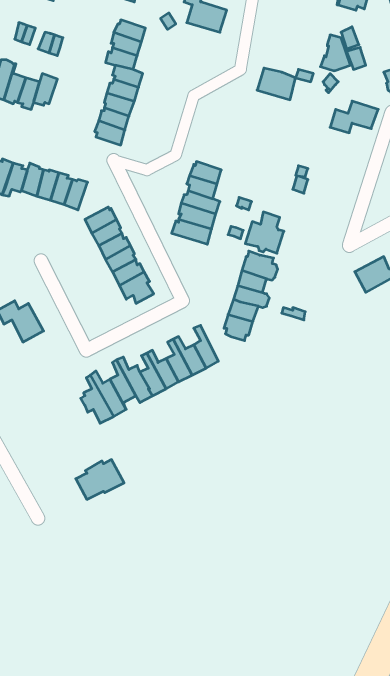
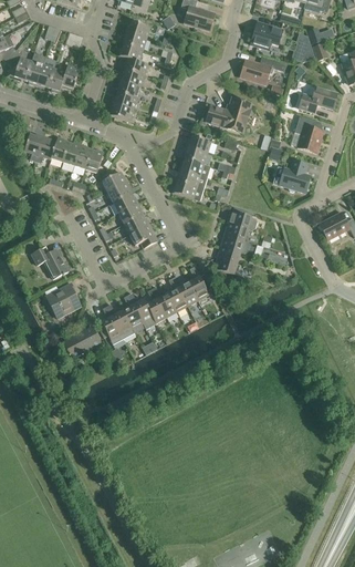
building: none -> [250,23,283,49]
building: none -> [207,100,249,133]
building: none -> [291,114,323,152]
building: [245,212,284,253] -> [279,158,310,192]
building: none -> [45,281,81,318]
building: [76,460,124,499] -> [63,326,102,358]

